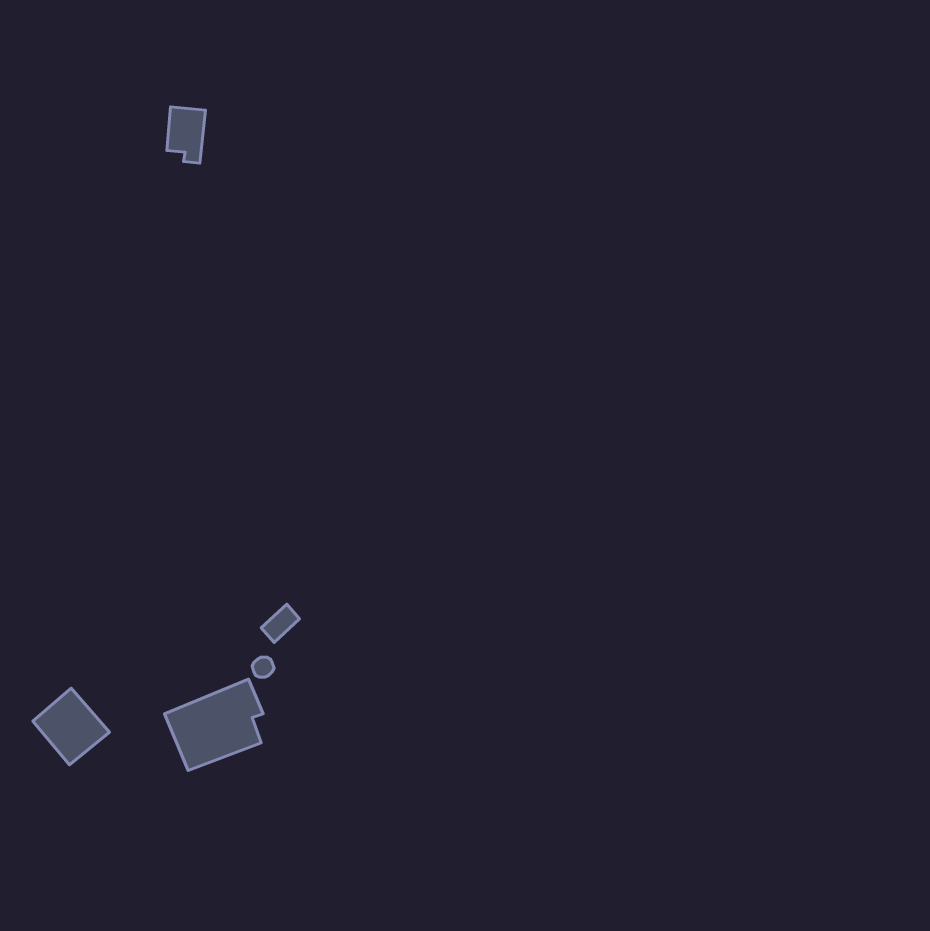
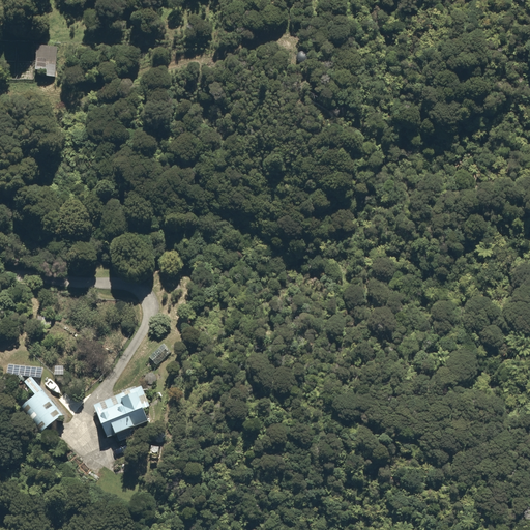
building: [167,107,205,163] -> [35,45,57,77]

